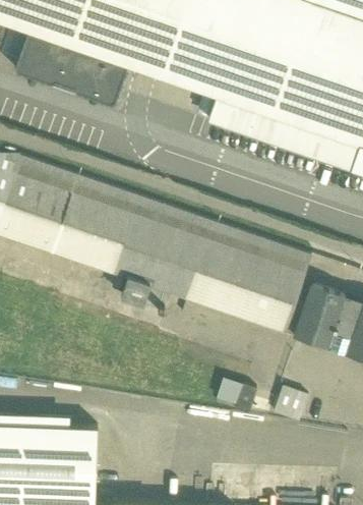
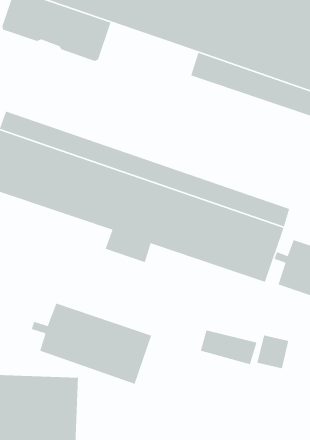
building: none -> [31,302,152,385]

